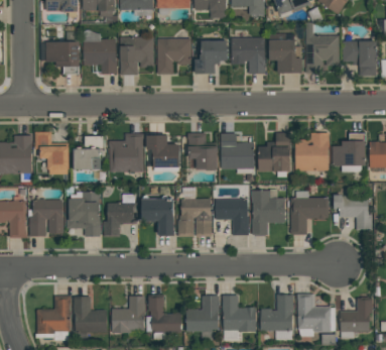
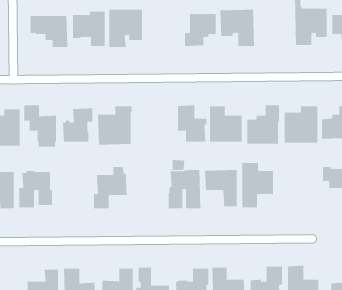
building: [158,39,190,74] -> none
building: [269,39,302,73] -> none
building: [147,135,180,168] -> none
building: [68,191,101,236] -> none
building: [292,191,329,233] -> none
building: [142,198,174,234] -> none

